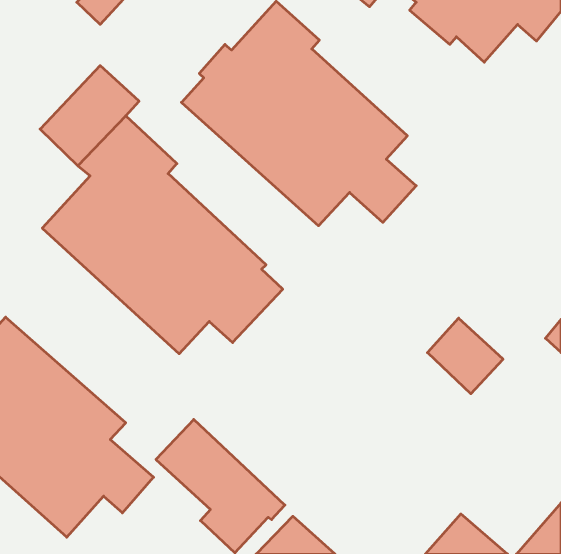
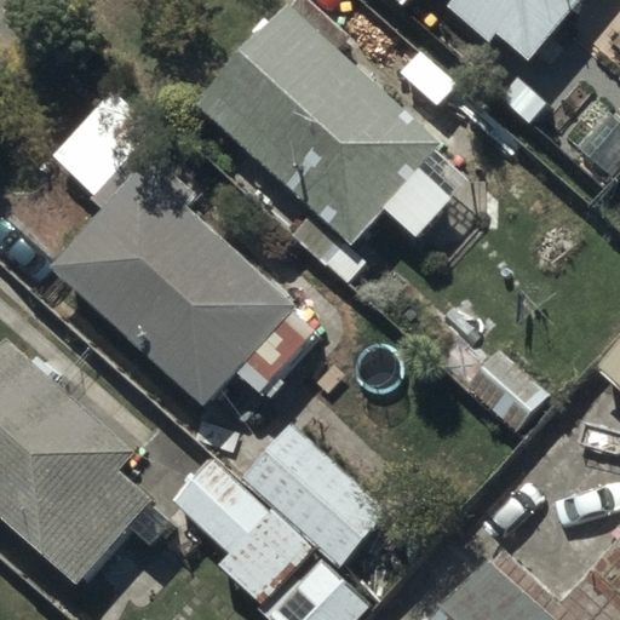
building: none -> [240,424,388,569]

